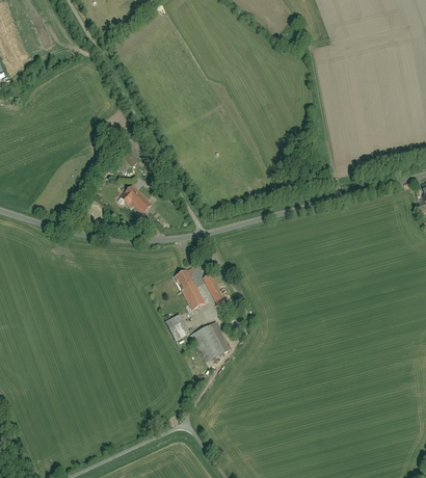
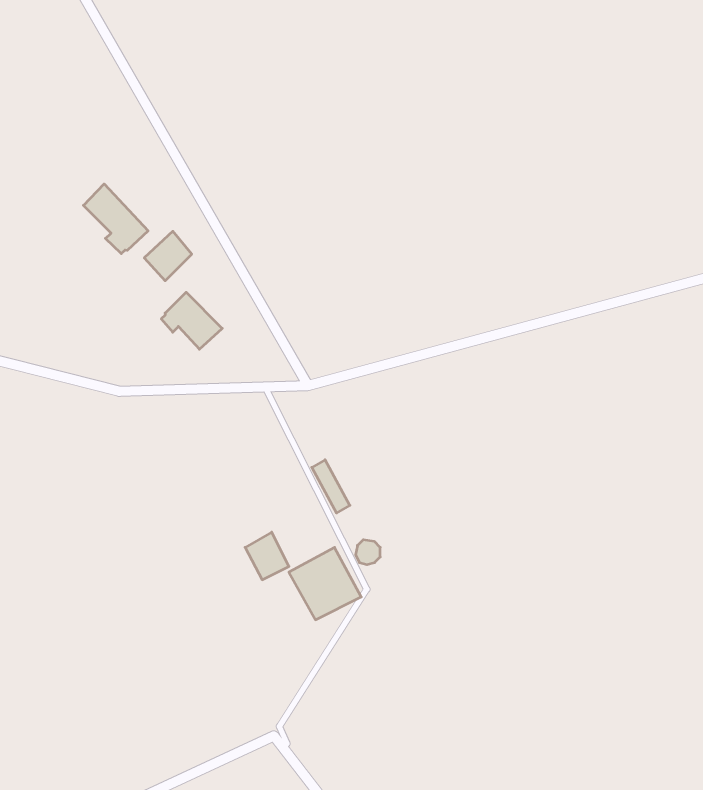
building: none -> [83,184,148,254]
building: [171,268,205,309] -> none

